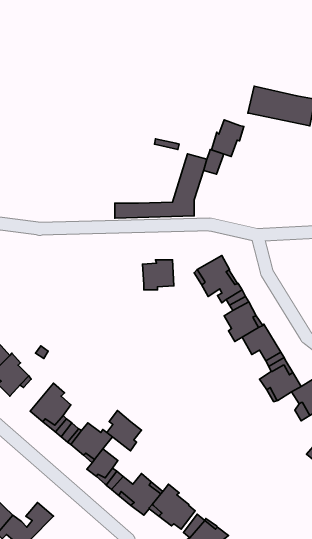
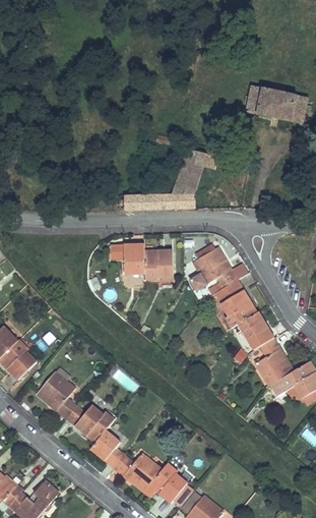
building: [212,120,244,157] -> none
building: none -> [123,244,144,274]
building: [107,411,142,451] -> none

